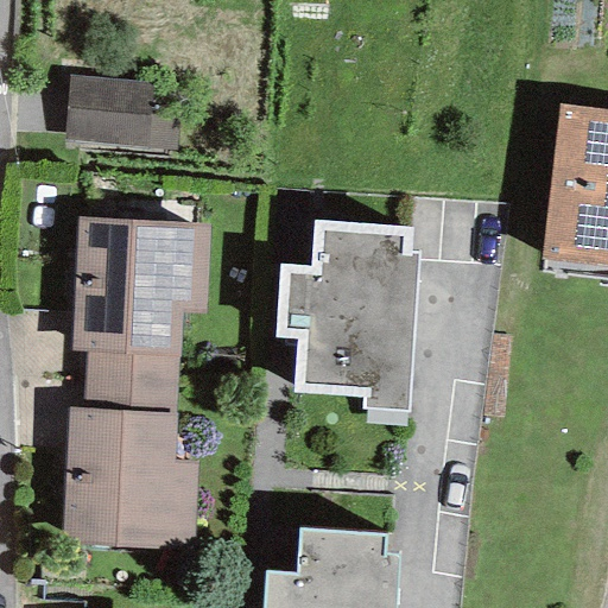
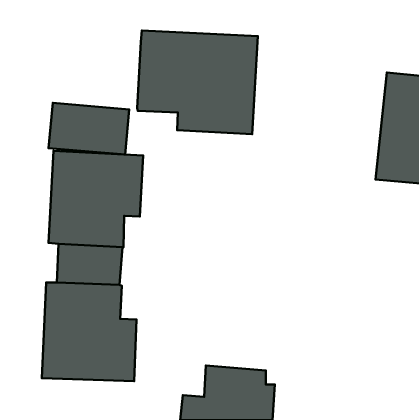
building: none -> [137,30,258,134]
building: [64,72,180,147] -> [49,103,129,155]
building: [279,222,413,413] -> none

